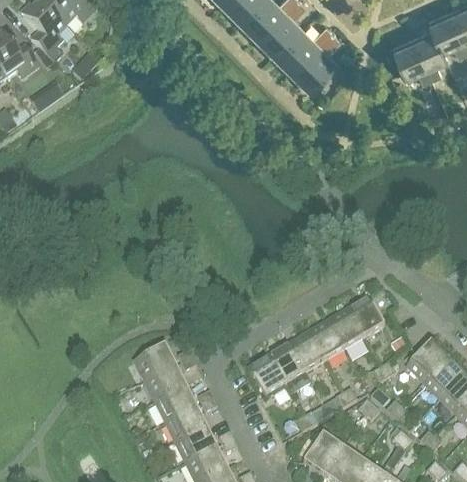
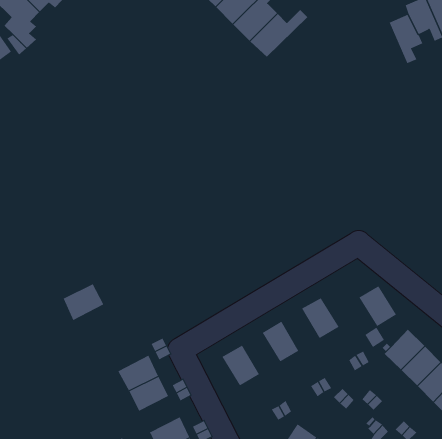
building: [292,32,340,90] -> none
building: [393,37,431,82] -> none
building: [346,298,384,339] -> [359,285,397,327]
building: [307,321,344,363] -> none
building: [268,345,310,395] -> none
building: [134,346,175,383] -> [63,283,104,321]
building: [165,408,206,444] -> none

